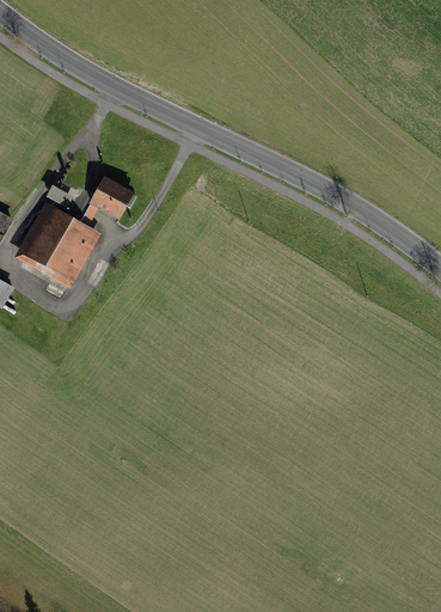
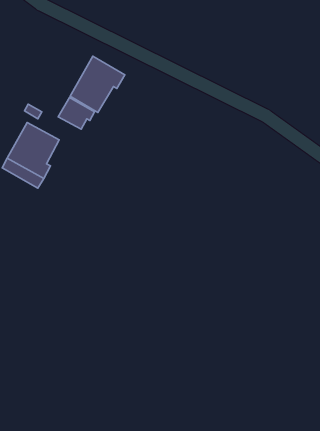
building: none -> [70,56,125,113]

